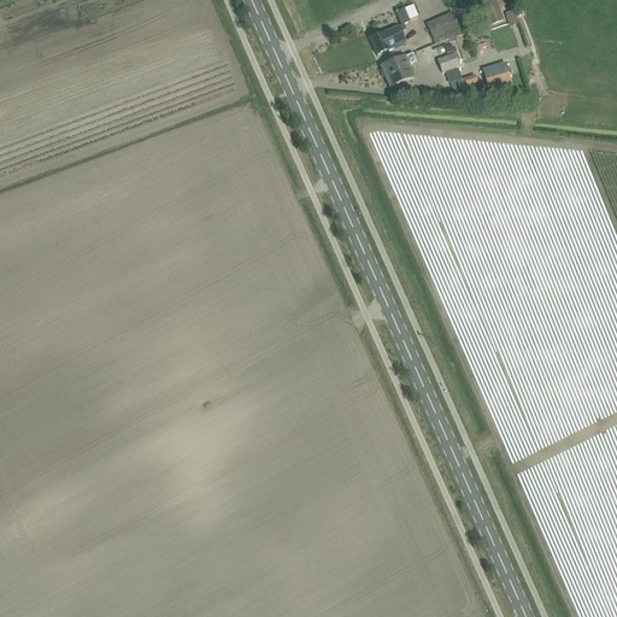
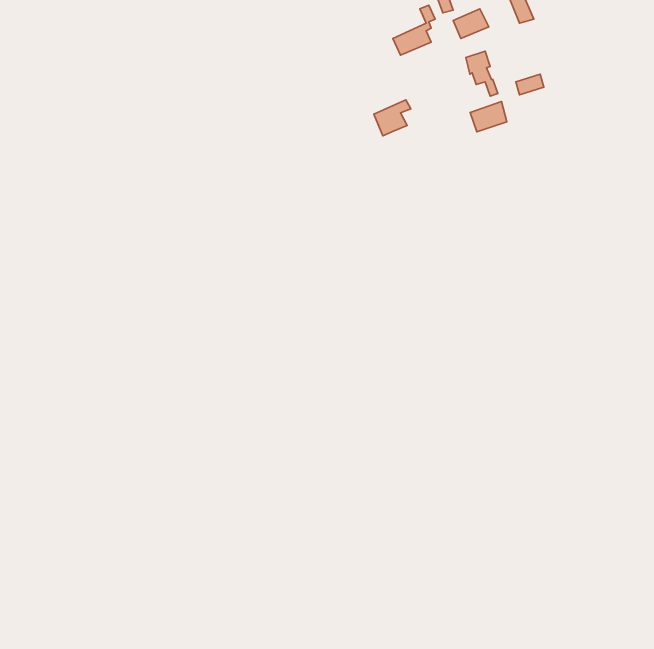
building: [382,49,417,83] -> [374,100,411,136]
building: none -> [470,101,507,132]

